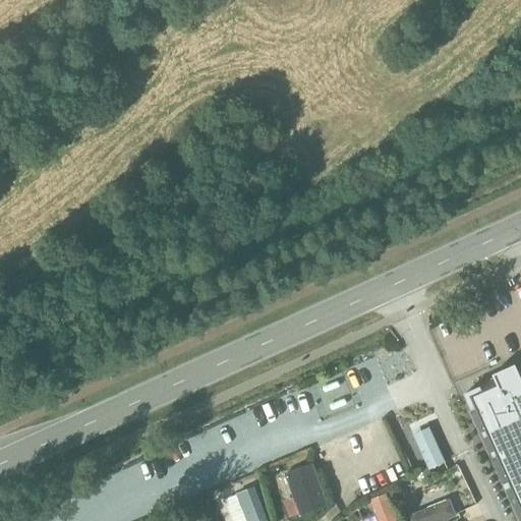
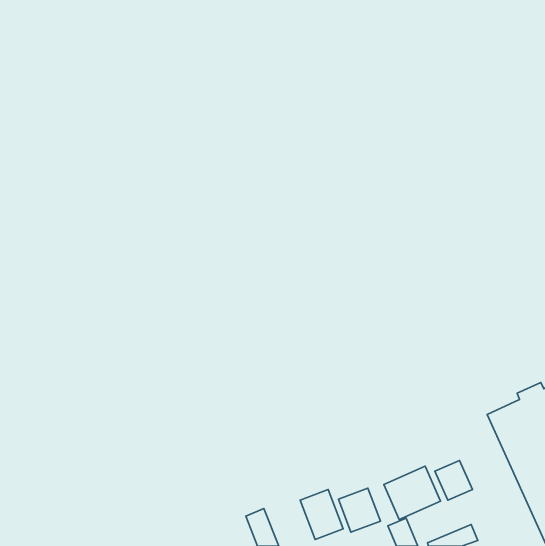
building: none -> [384,466,441,519]
building: none -> [338,488,380,532]

